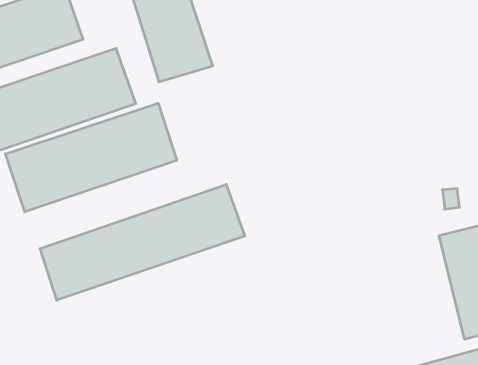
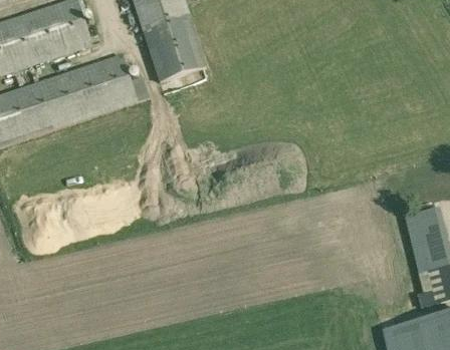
building: [5,103,177,212] -> none
building: [40,184,245,300] -> none

